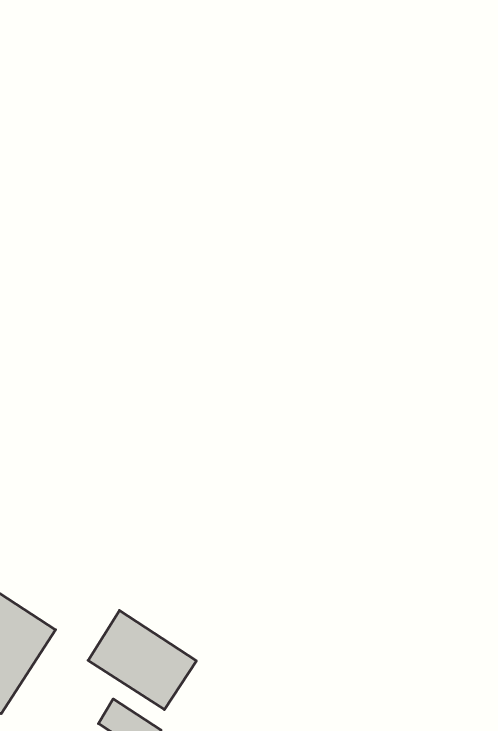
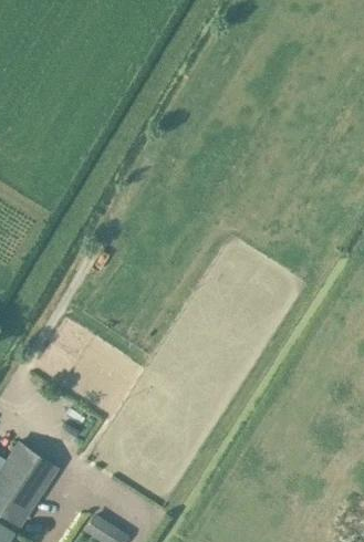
building: [88,610,196,710] -> none

